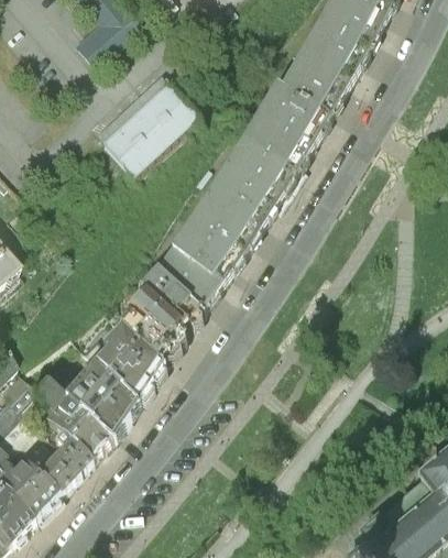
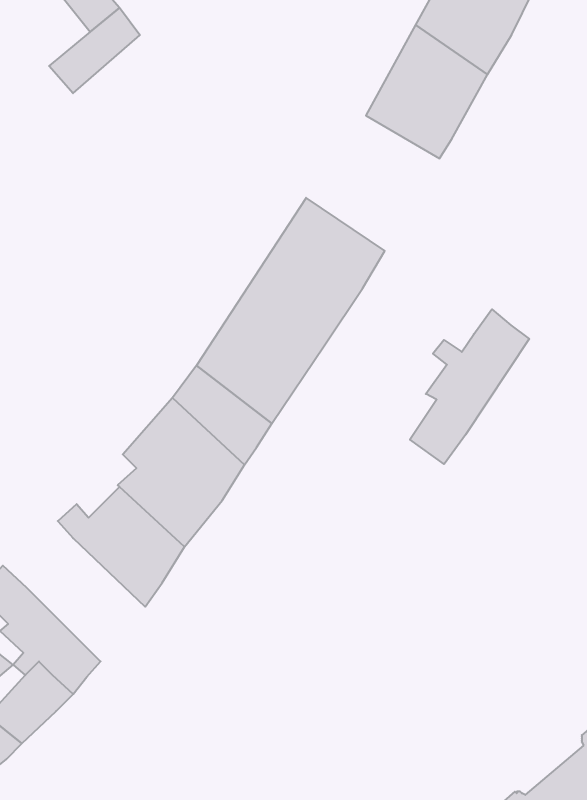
building: [240,81,326,172] -> none
building: [94,85,196,183] -> none
building: none -> [410,309,529,464]
building: [61,357,136,436] -> none

